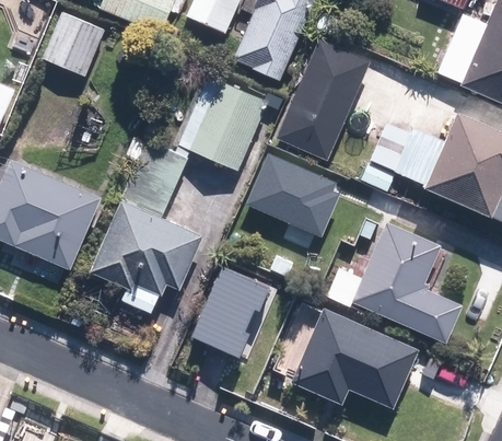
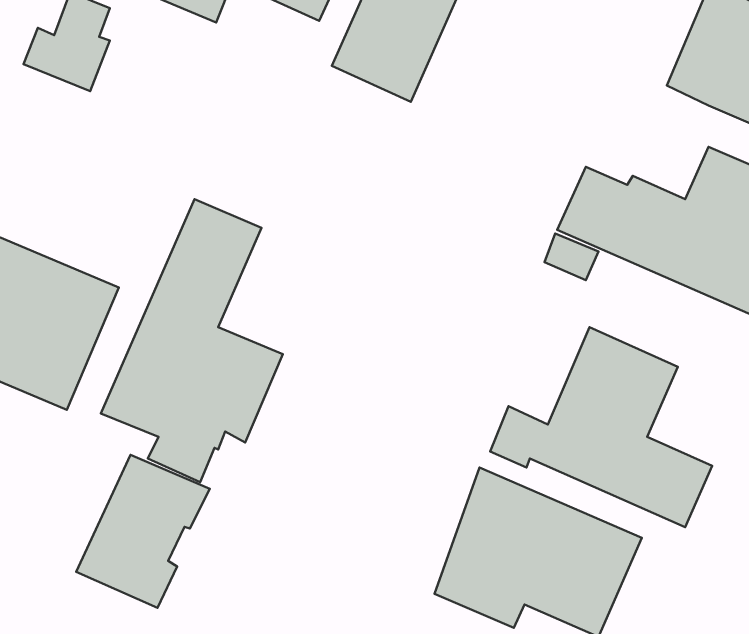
building: [275,38,372,161] -> none
building: [178,76,267,170] -> none
building: [243,154,337,239] -> none
building: [188,267,269,360] -> [76,455,210,608]

